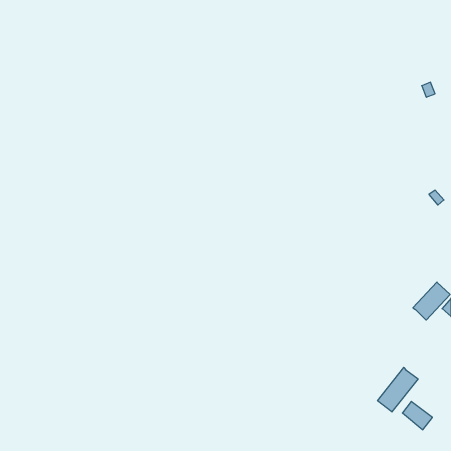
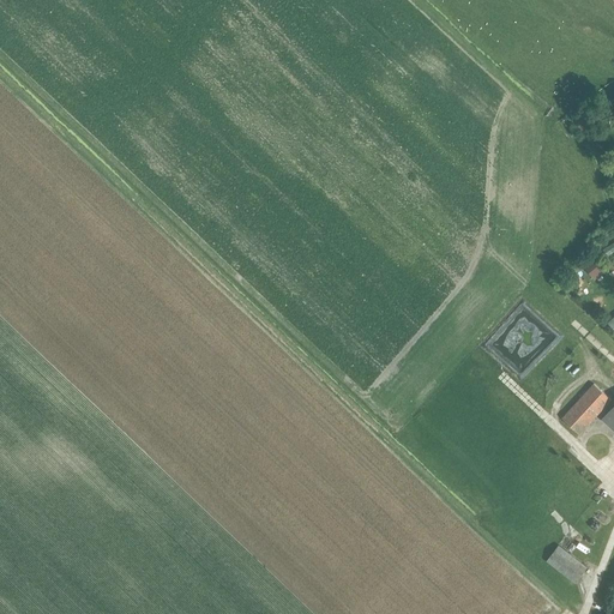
building: [378,367,418,412] -> none

